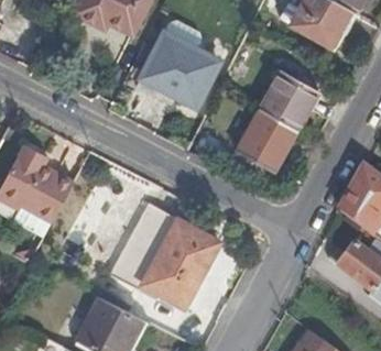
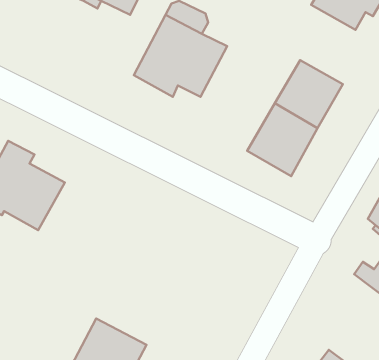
building: [117,206,227,310] -> none

